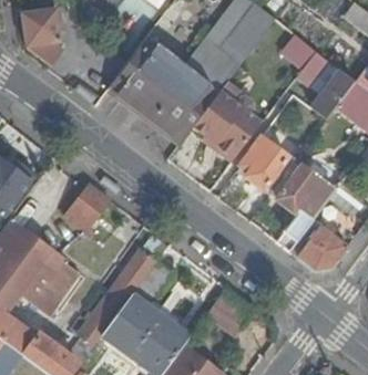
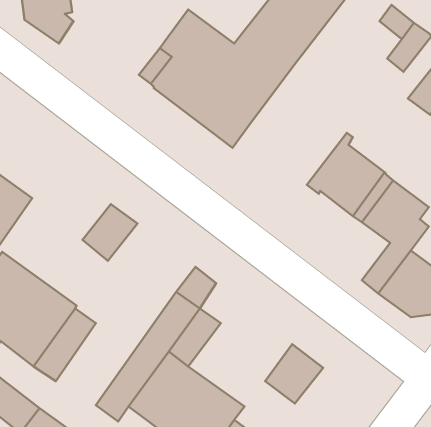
building: [193,82,262,163] -> none

